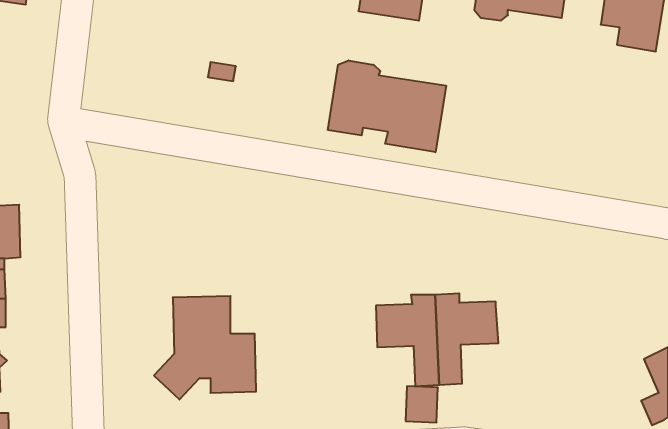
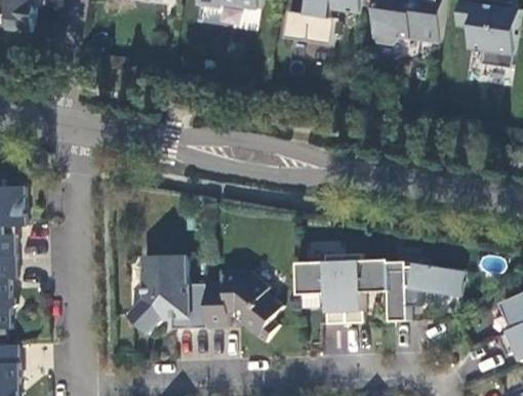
building: [328,60,446,152] -> none
building: none -> [387,262,461,321]
building: none -> [203,270,280,342]

